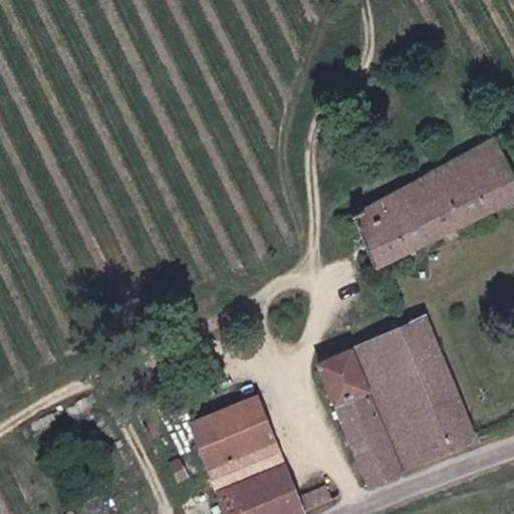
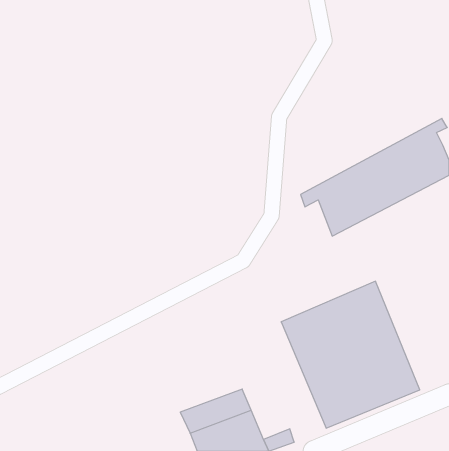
building: [187,394,275,468] -> none

